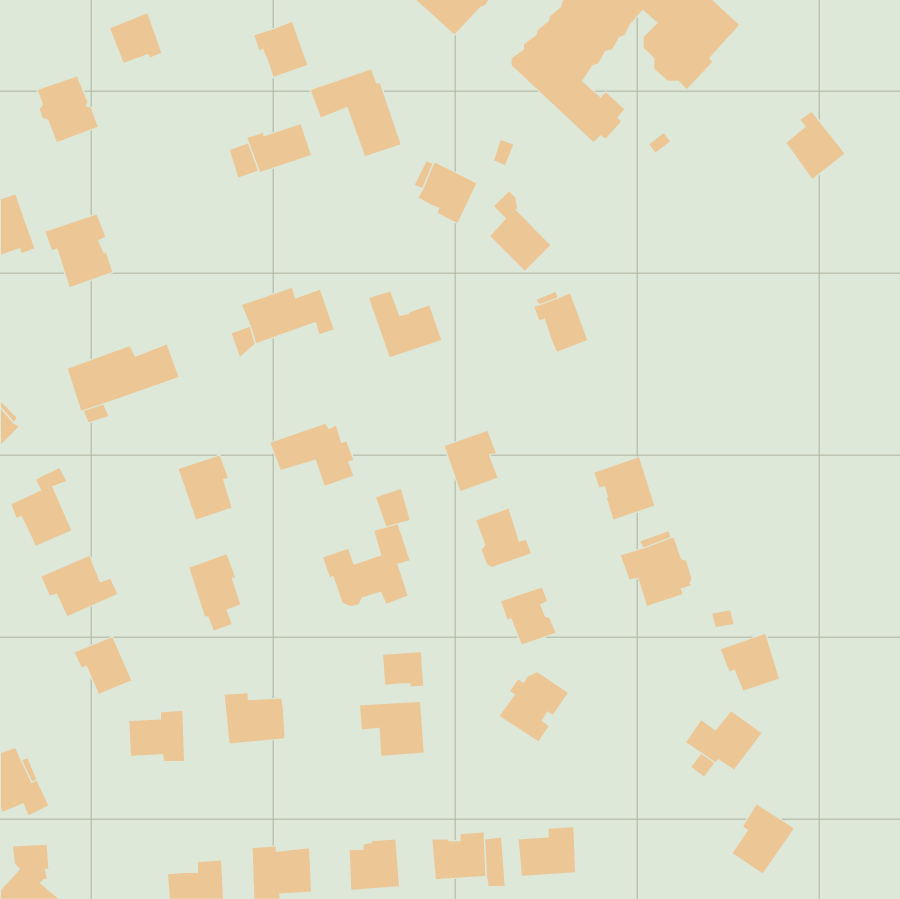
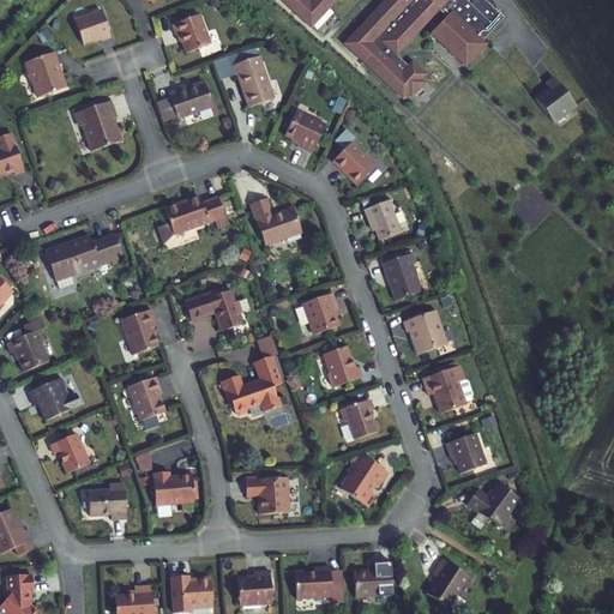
building: [44,214,113,288] -> [74,101,121,151]
building: none -> [383,253,421,300]
building: [720,633,780,691] -> [445,433,486,472]
building: [383,652,424,687] -> none
building: [731,804,795,874] -> [426,559,469,607]

